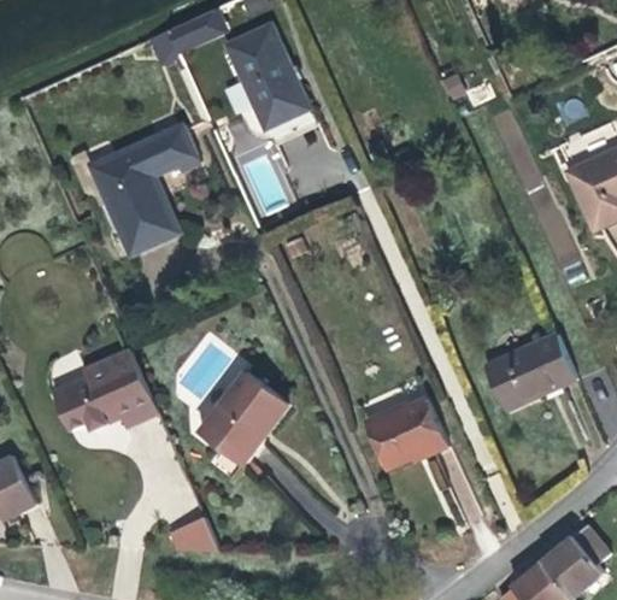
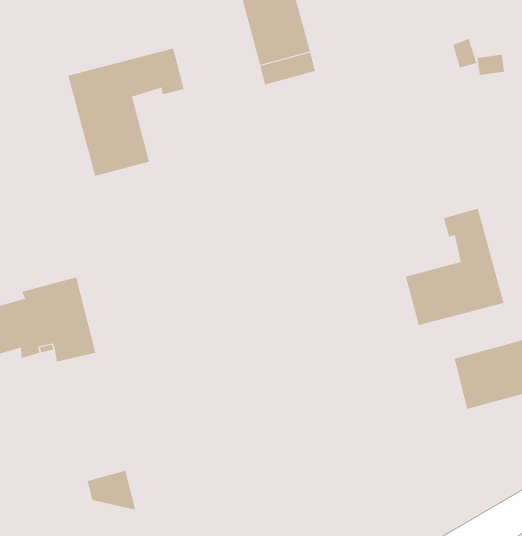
building: none -> [405,208,504,326]
building: [198,370,287,465] -> none
building: [363,395,447,469] -> none

